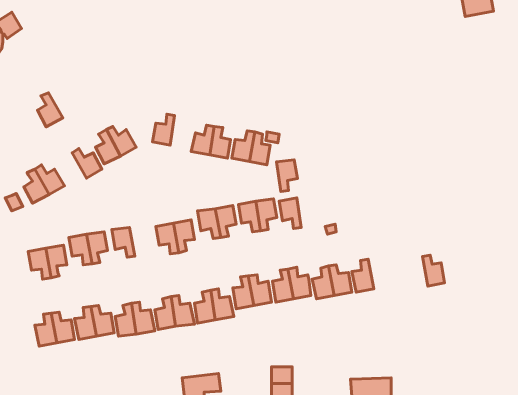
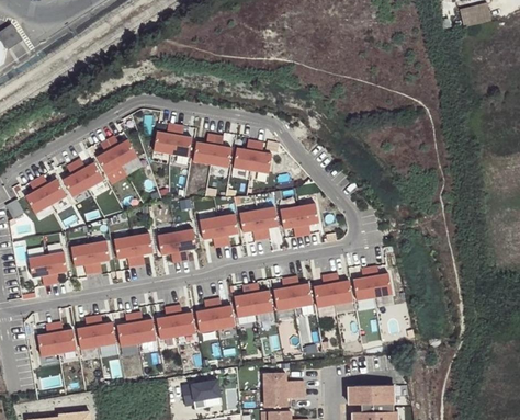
building: [38,93,63,127] -> [63,162,88,196]
building: none -> [171,125,192,158]
building: [277,160,297,192] -> [297,205,318,237]
building: none -> [131,234,151,265]
building: [422,255,444,286] -> [369,268,391,298]

